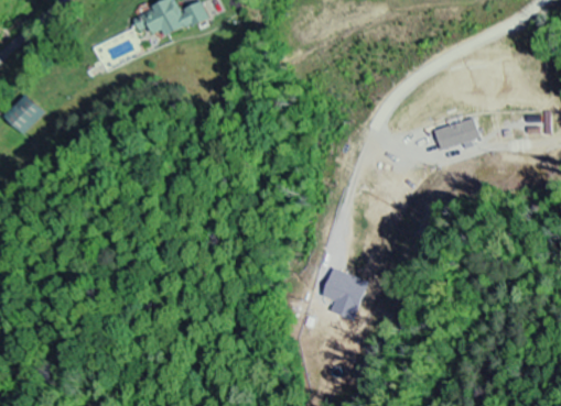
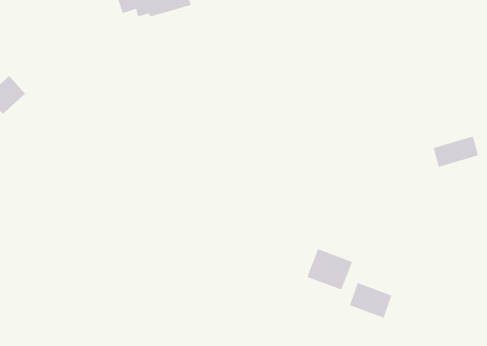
building: [435,118,482,150] -> [433,136,479,168]
building: none -> [349,282,392,318]

